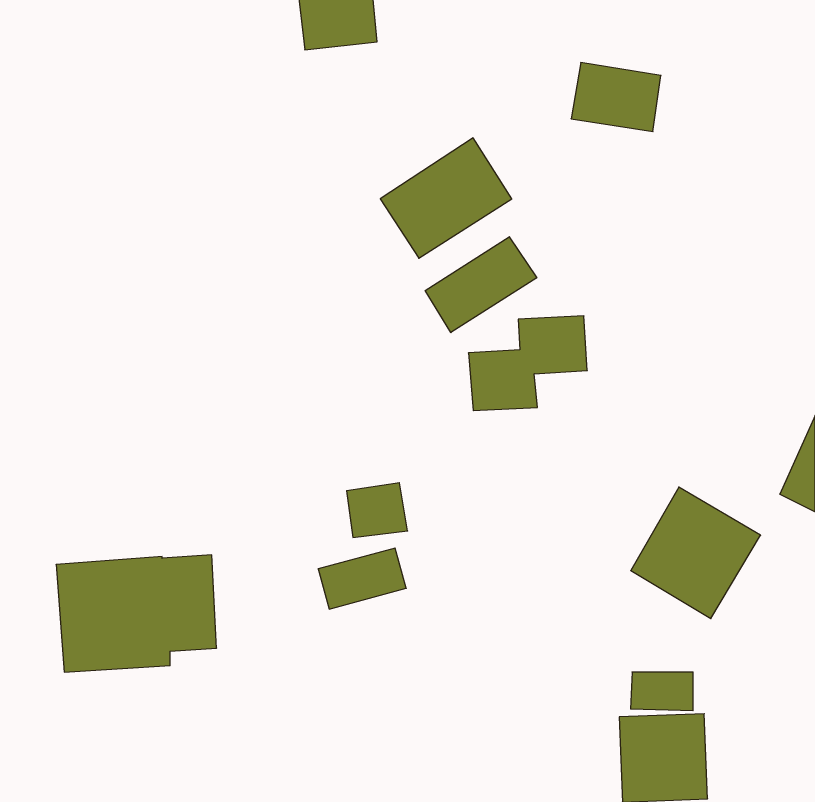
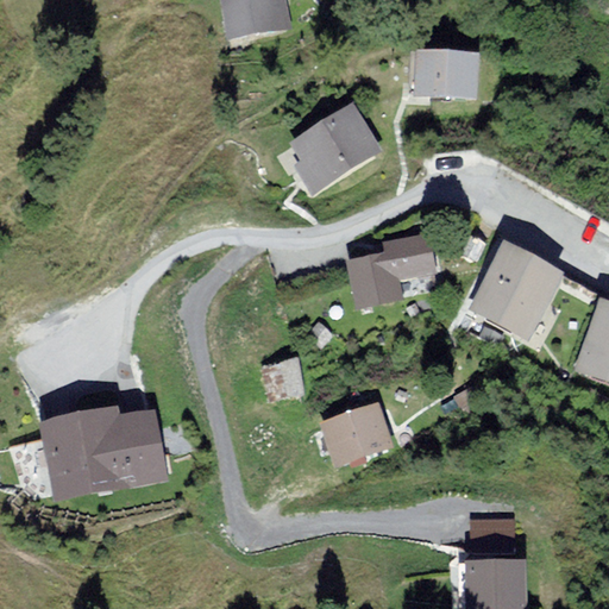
building: [425,237,537,333] -> none
building: [631,487,761,619] -> [473,244,570,341]
building: [318,548,406,609] -> [327,408,393,453]

